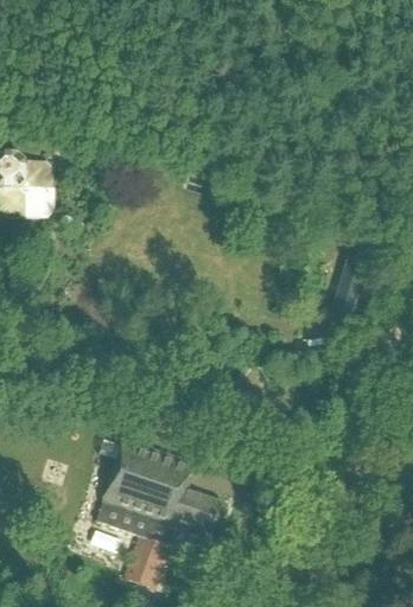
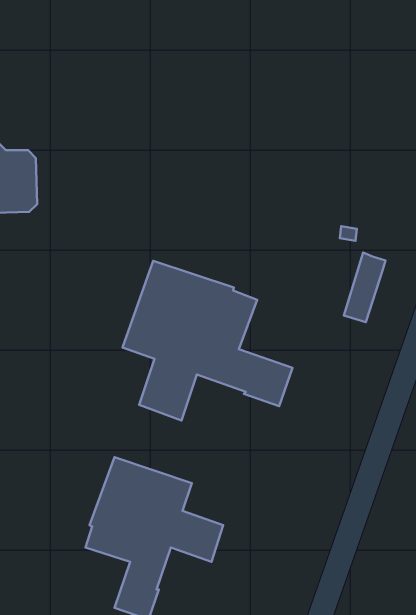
building: none -> [123,261,293,421]

